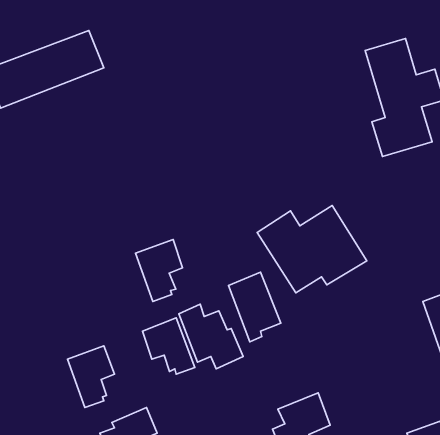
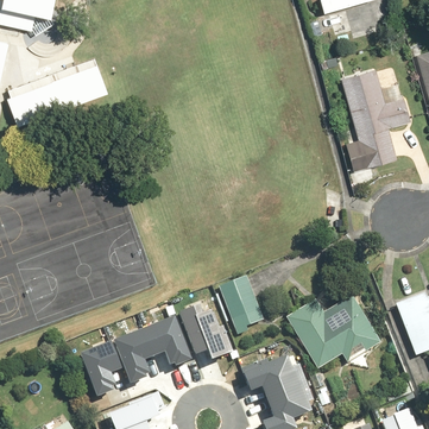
building: [257,206,367,293] -> [286,294,384,371]
building: [136,240,182,301] -> [111,327,152,381]
building: none -> [241,355,299,396]

